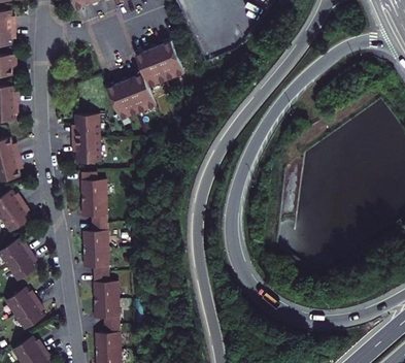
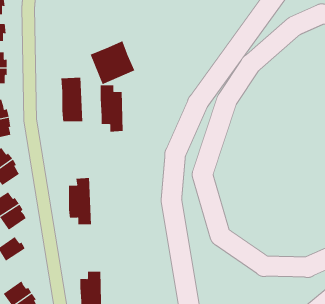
building: [136,42,185,90] -> none
building: [81,172,107,224] -> [100,85,124,132]
building: [94,274,120,325] -> none
building: [15,300,45,329] -> none

